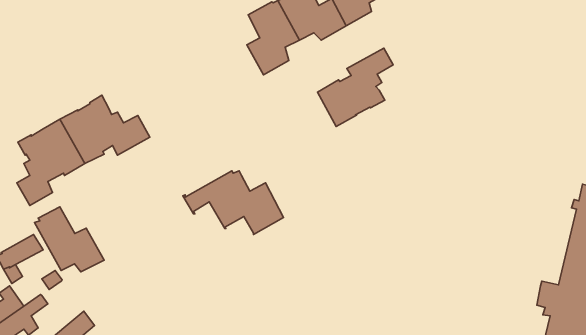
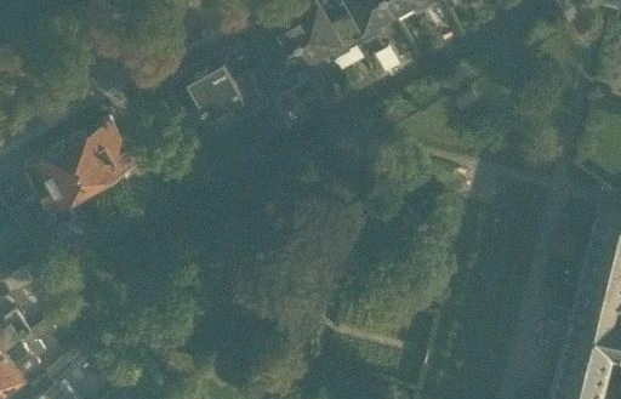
building: [318,48,393,127] -> none
building: [183,171,283,234] -> [171,58,273,122]
building: [35,207,104,272] -> none

